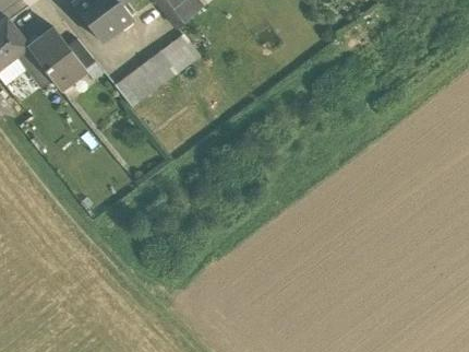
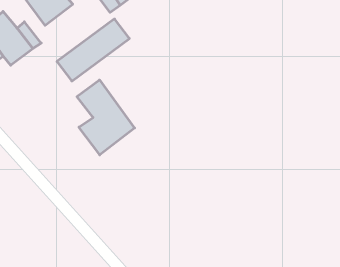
building: none -> [77,80,135,155]

